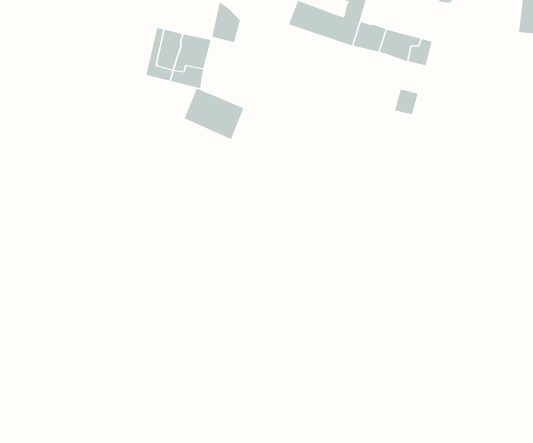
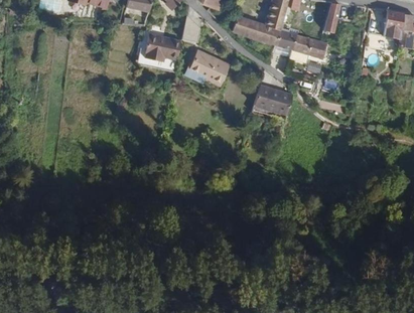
building: [184,88,244,140] -> [188,51,228,86]
building: none -> [253,89,291,114]

